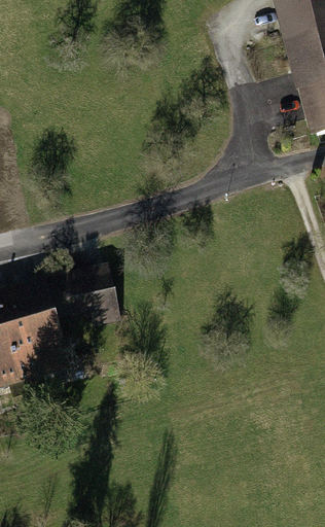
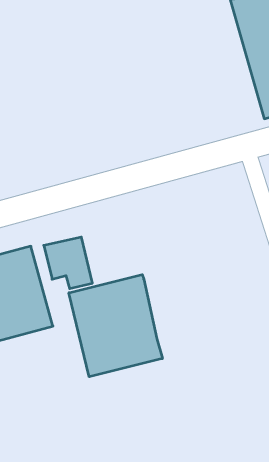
building: none -> [69,275,162,377]

